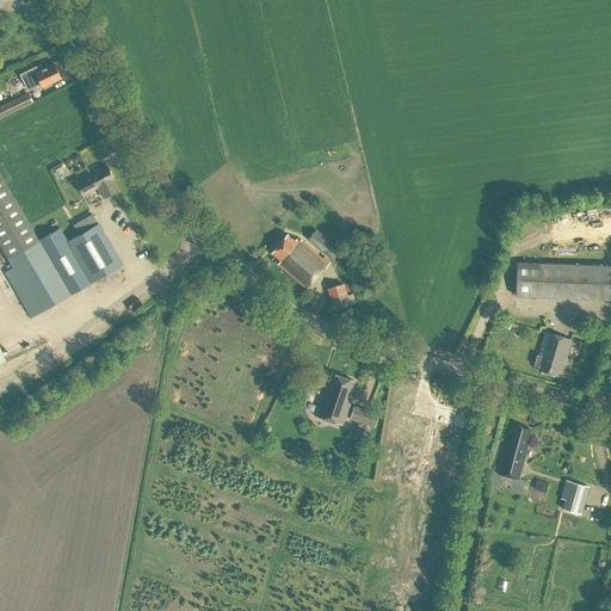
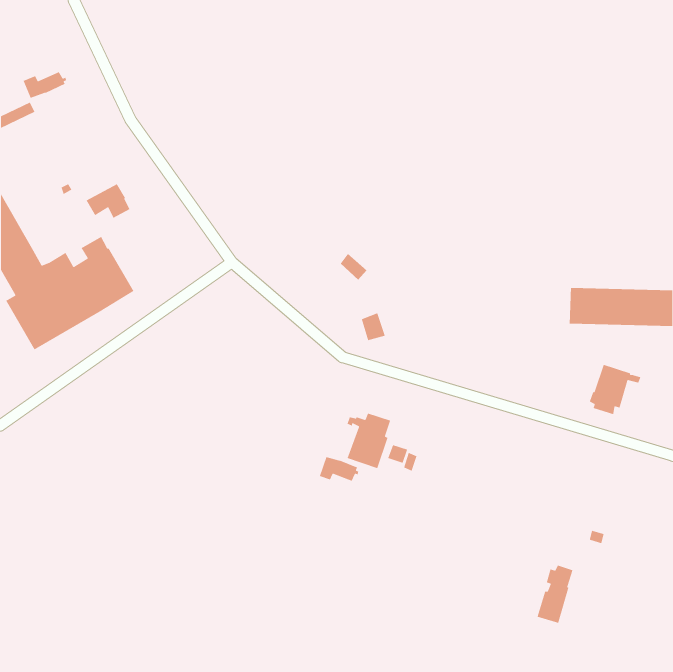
building: [271,234,328,289] -> none
building: none -> [319,456,359,482]
building: [498,426,531,480] -> [537,564,573,624]
building: [560,481,588,516] -> none

